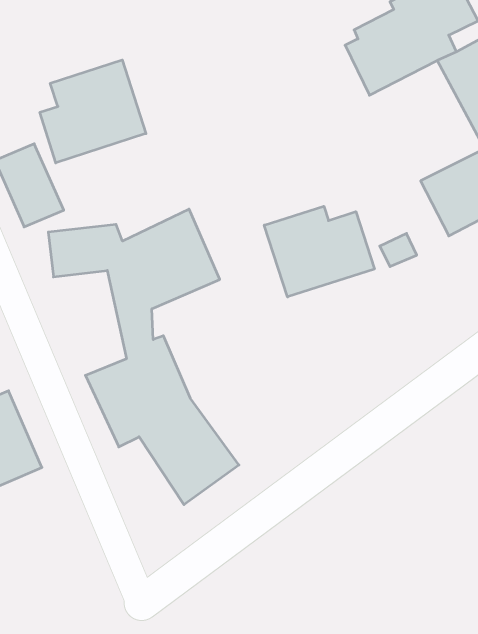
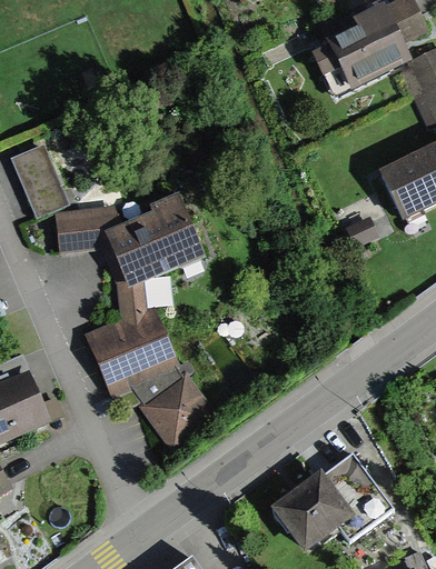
building: [40,60,146,163] -> none
building: [264,206,374,297] -> none
building: none -> [270,455,392,551]

